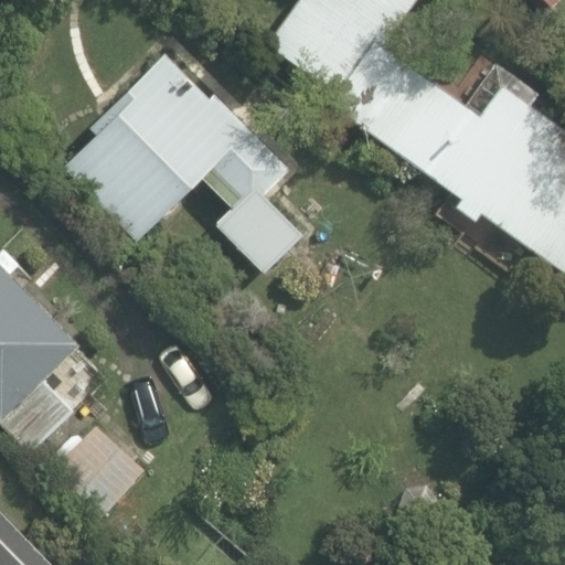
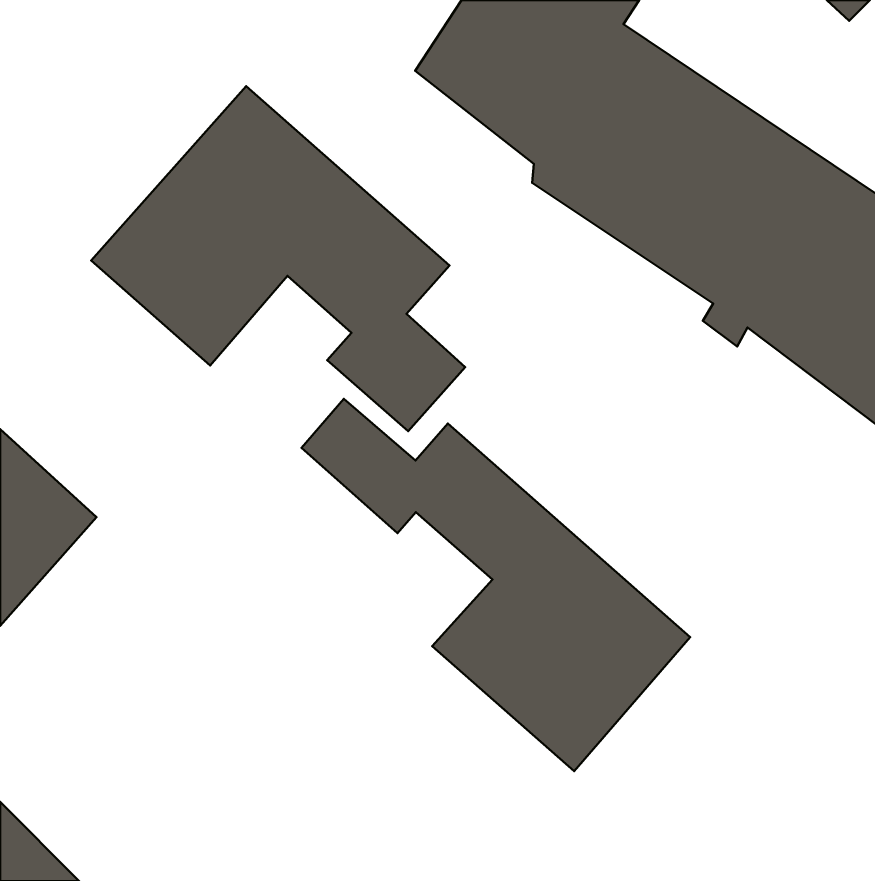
building: none -> [302,399,690,771]

